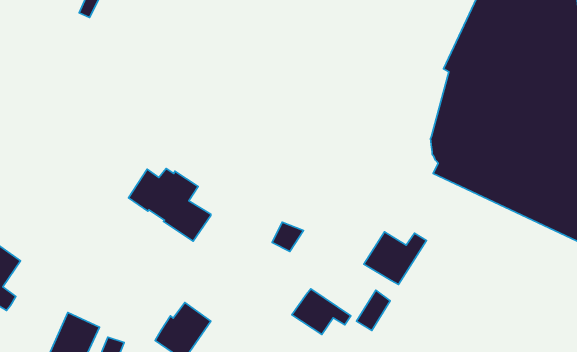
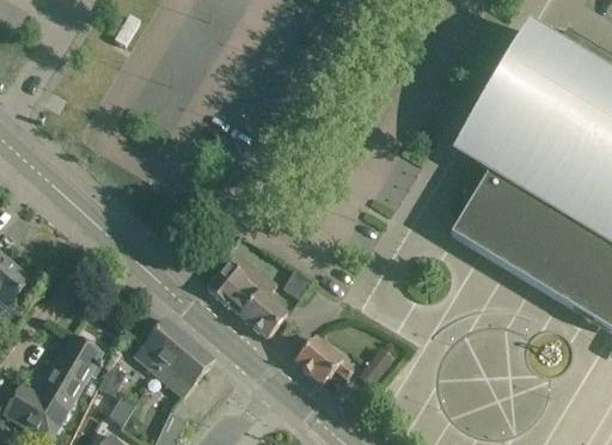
building: [128,168,211,241] -> [207,261,287,337]
building: [364,232,426,285] -> none
building: none -> [135,318,189,372]

